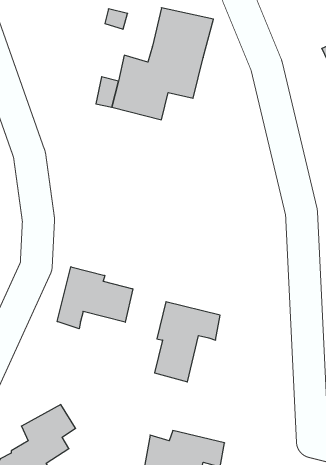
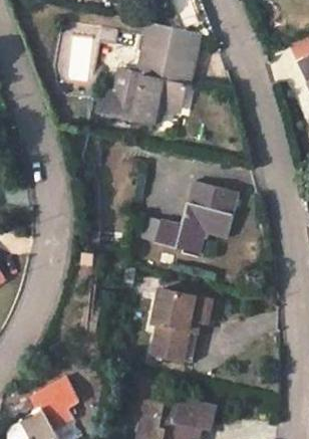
building: none -> [156,179,241,251]
building: [57,267,133,329] -> none

